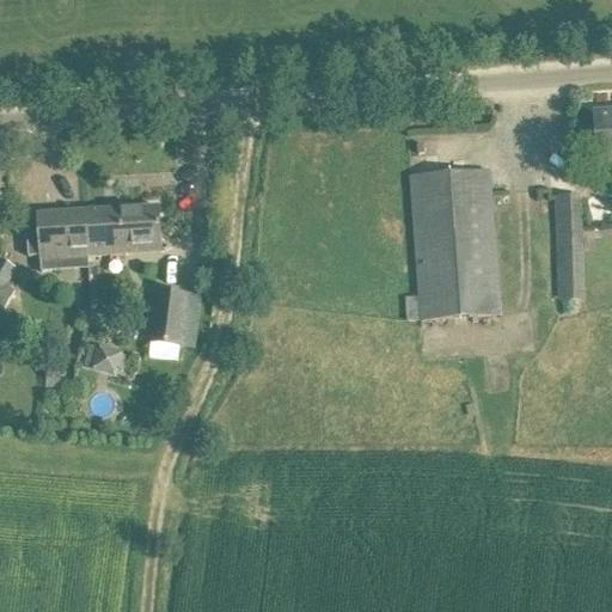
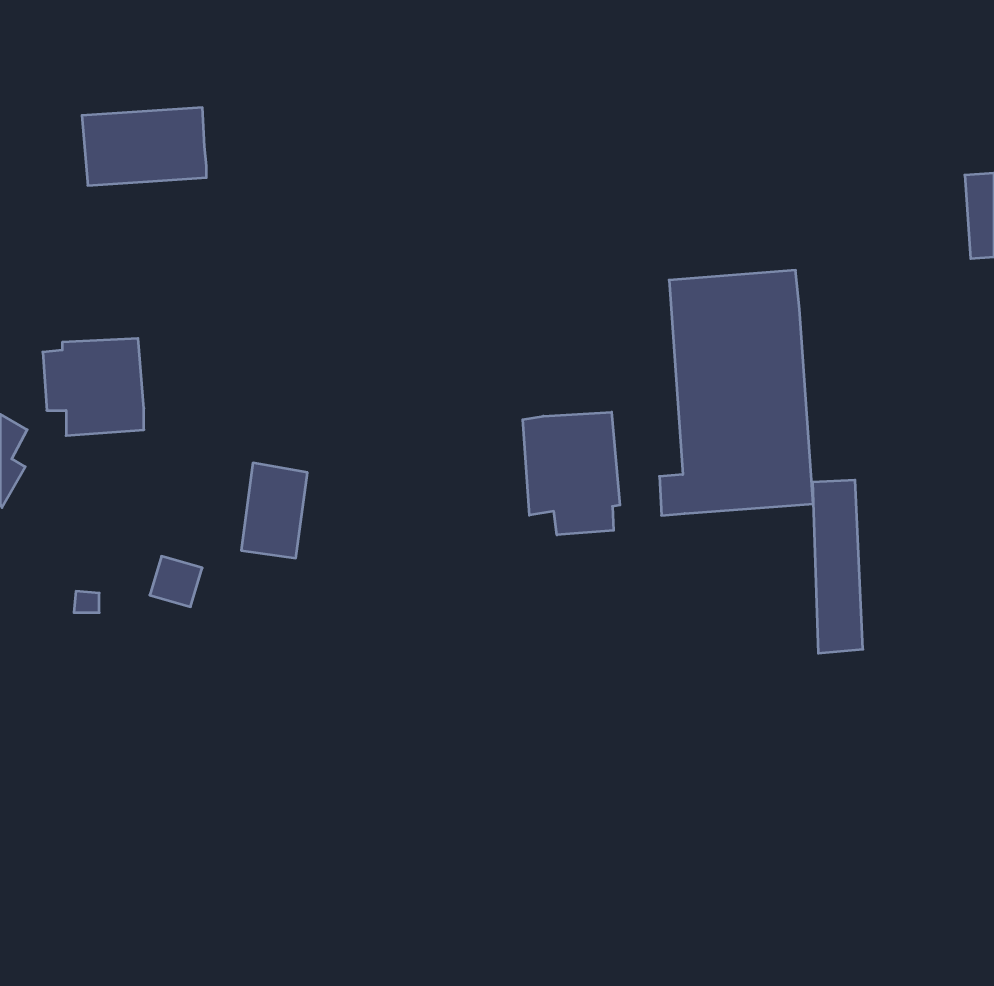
building: [553,190,585,296] -> [812,480,863,653]
building: [85,203,161,251] -> [82,108,206,185]
building: none -> [523,412,620,535]

